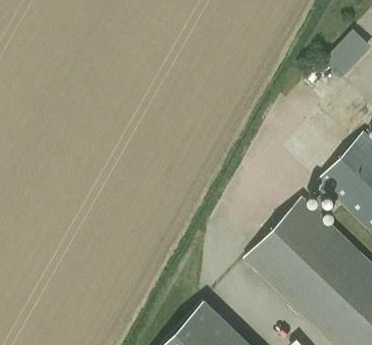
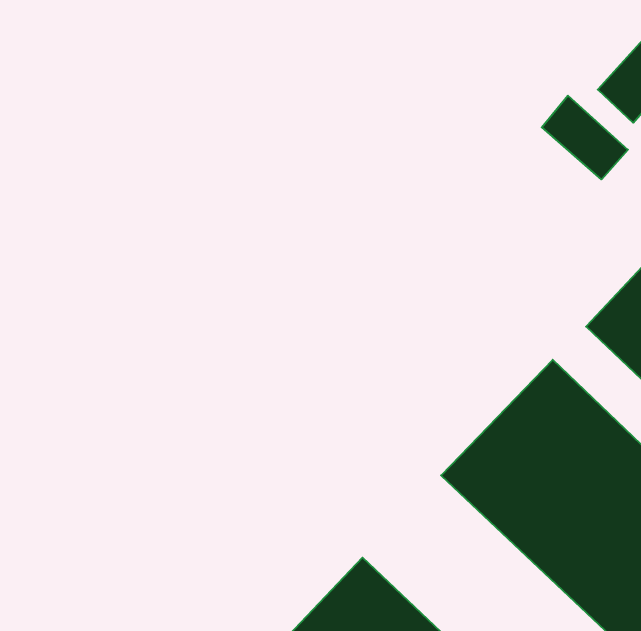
building: none -> [542,96,628,179]

